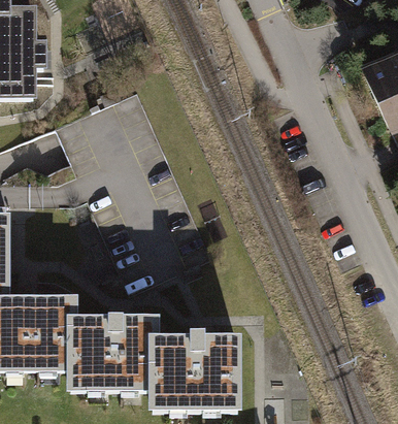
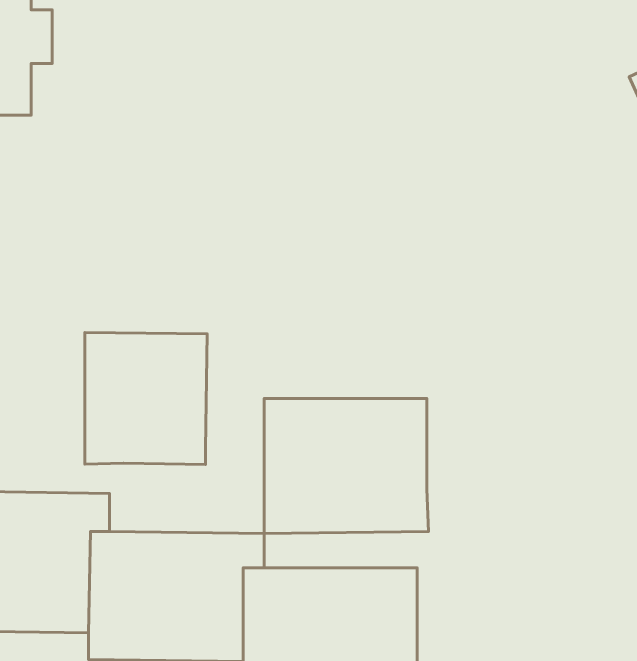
building: none -> [85,332,207,464]
building: none -> [264,399,429,534]

